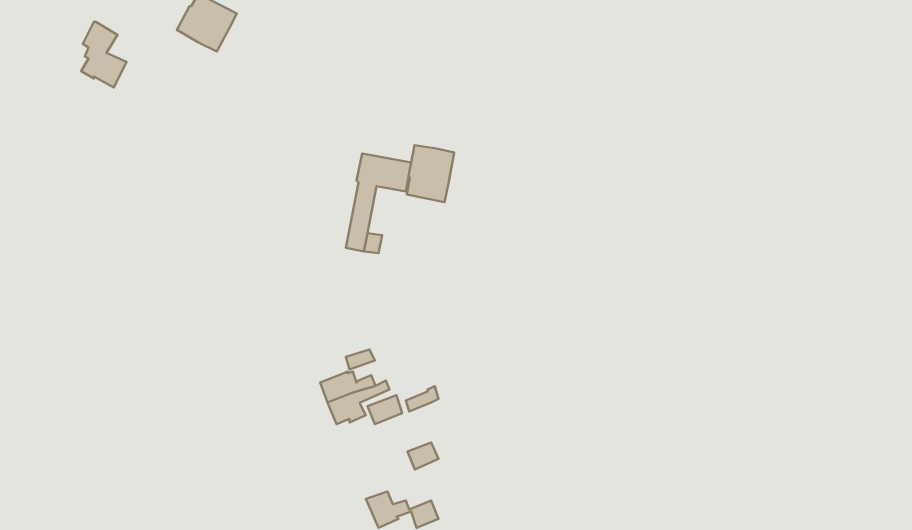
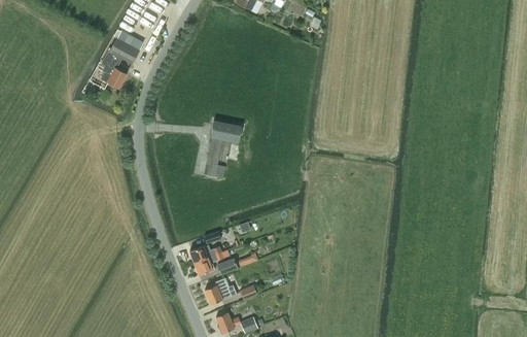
building: [81,22,127,87] -> [101,50,127,88]
building: [407,145,454,202] -> none
building: none -> [205,277,237,304]

